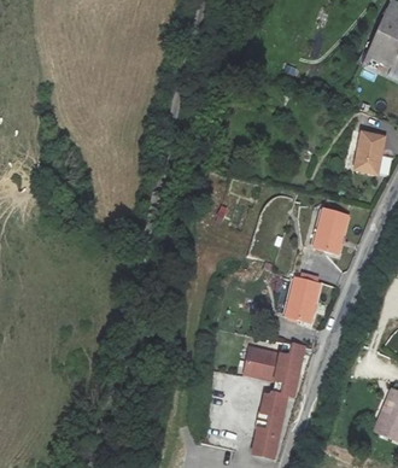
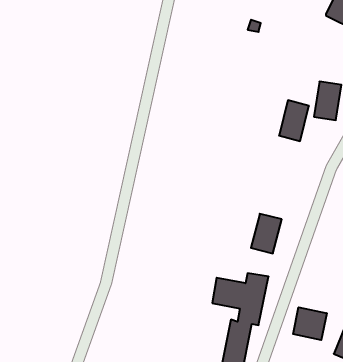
building: [312,207,345,252] -> [279,100,309,141]
building: none -> [293,307,327,340]

